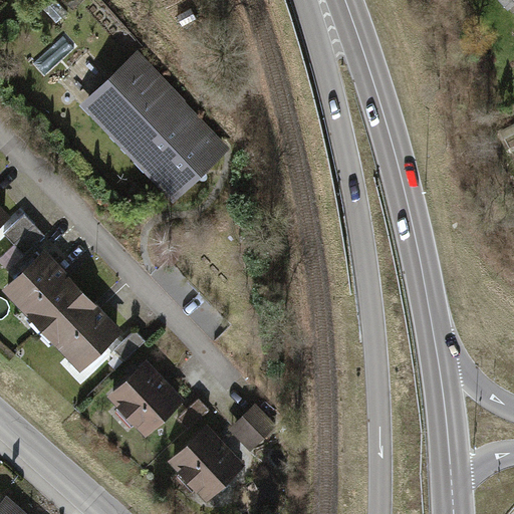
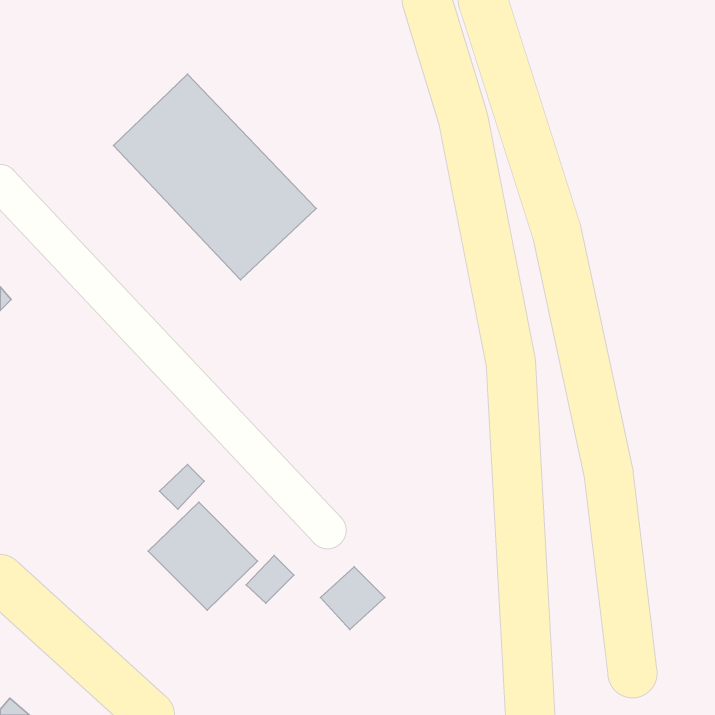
building: [5,217,46,258] -> none
building: [5,252,120,370] -> none
building: [171,425,243,497] -> none

